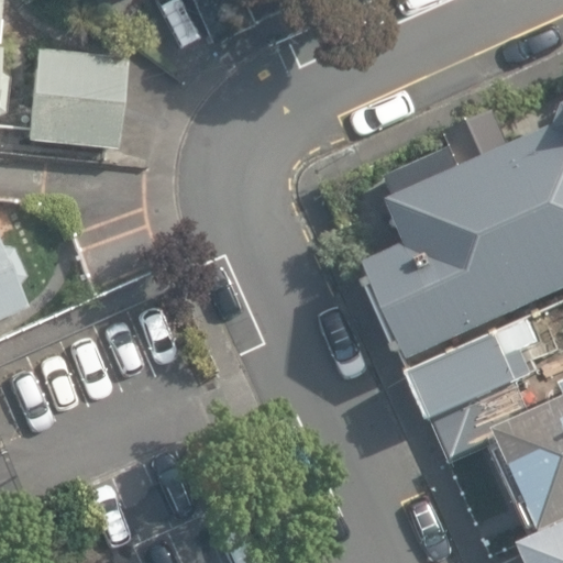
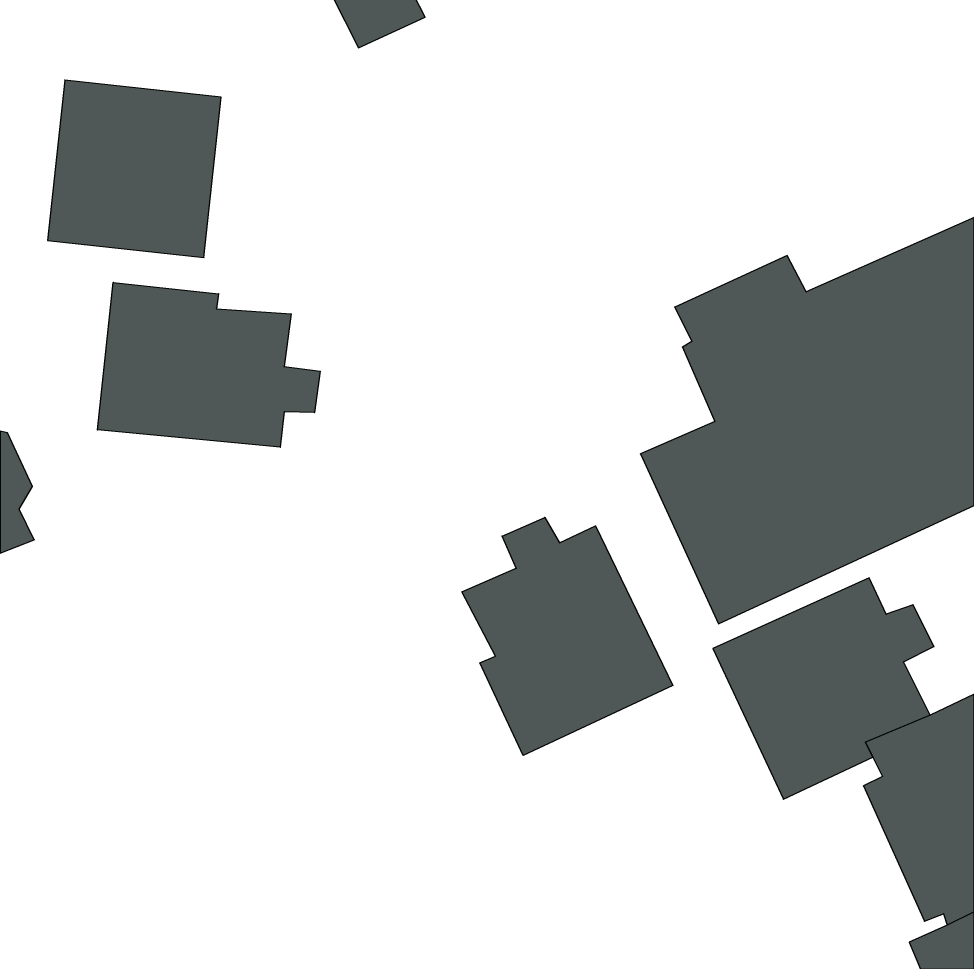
building: none -> [97,282,320,447]
building: none -> [462,517,673,755]

